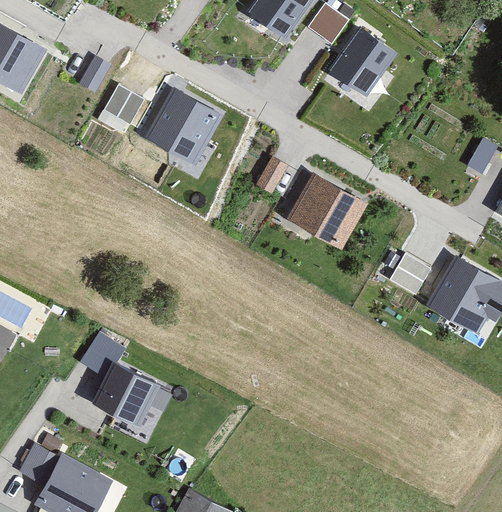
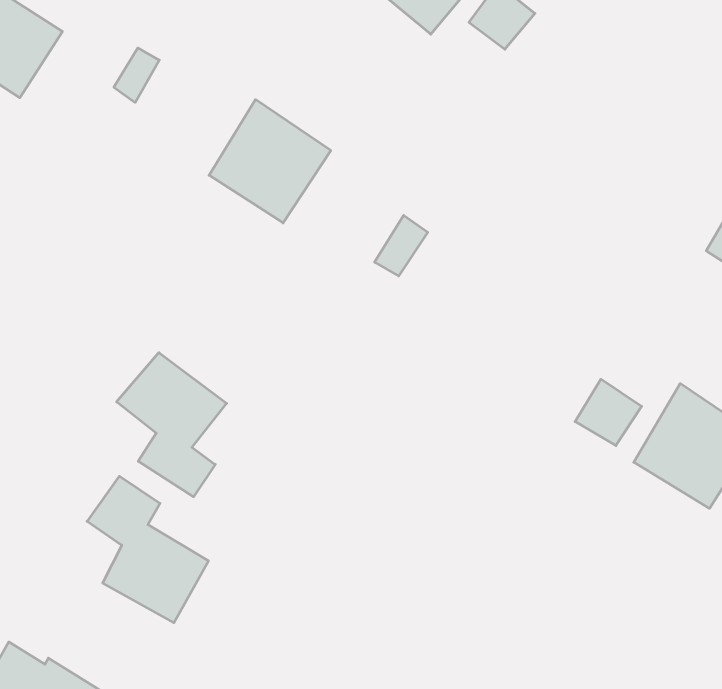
building: [328,27,394,96] -> none
building: [102,86,144,126] -> none
building: [286,171,367,249] -> none
building: none -> [117,353,227,497]

